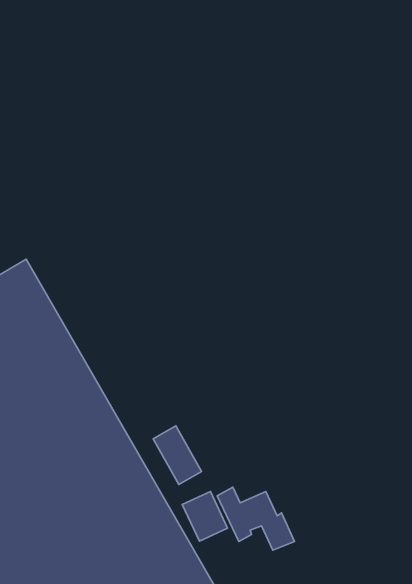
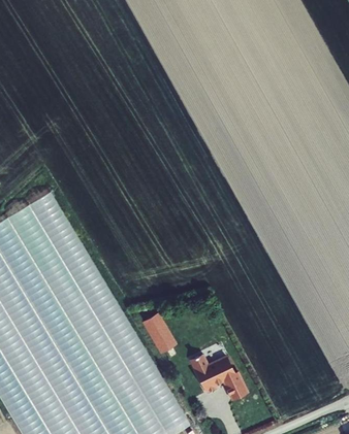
building: [182,491,228,541] -> none

